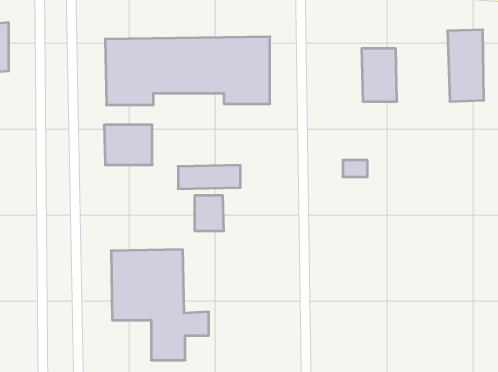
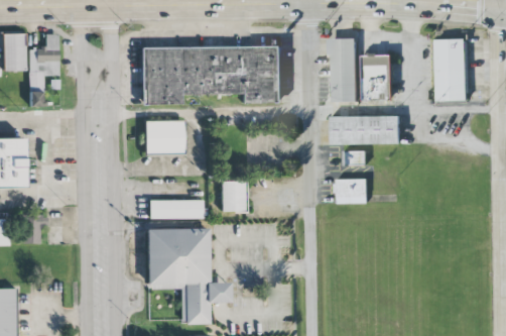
building: none -> [329,38,359,102]
building: none -> [330,116,401,145]
building: [178,165,240,189] -> [150,199,204,219]
building: none -> [338,178,369,204]

